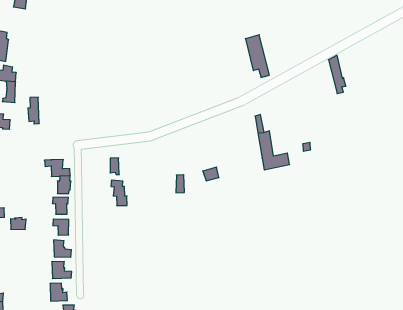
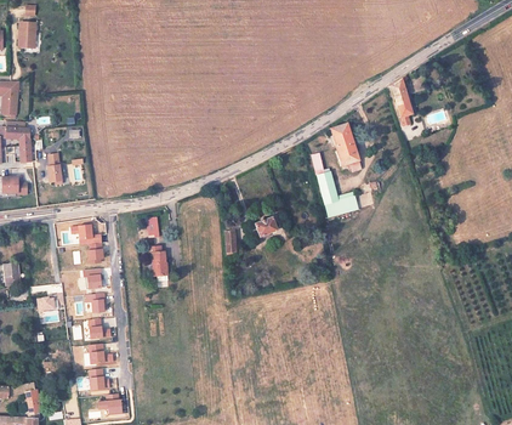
building: [245,35,269,77] -> [330,123,362,172]

